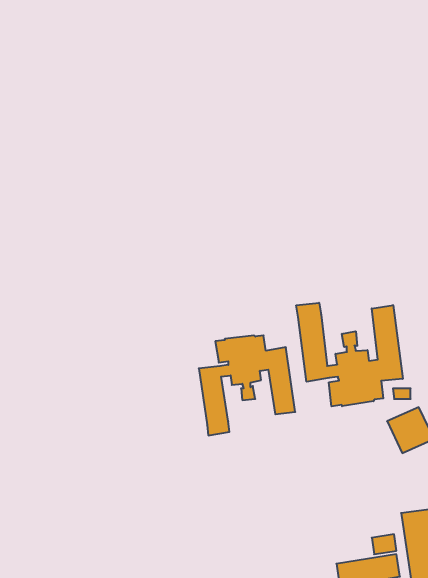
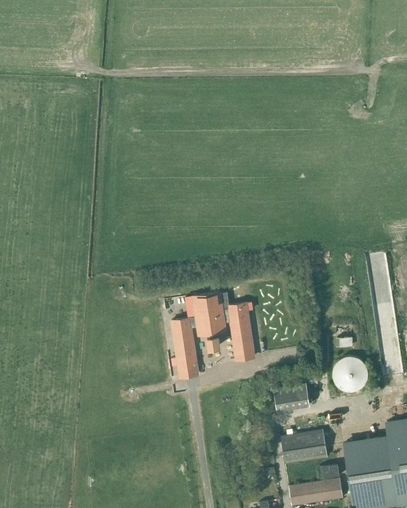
building: [296,303,403,406] -> none
building: none -> [274,382,311,409]
building: none -> [280,429,326,463]

